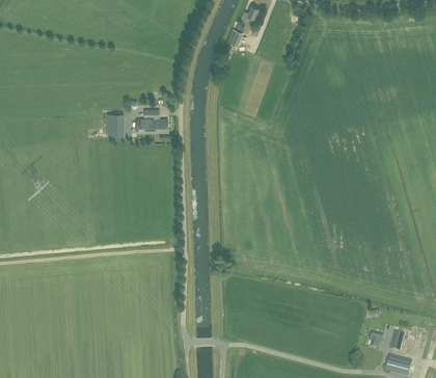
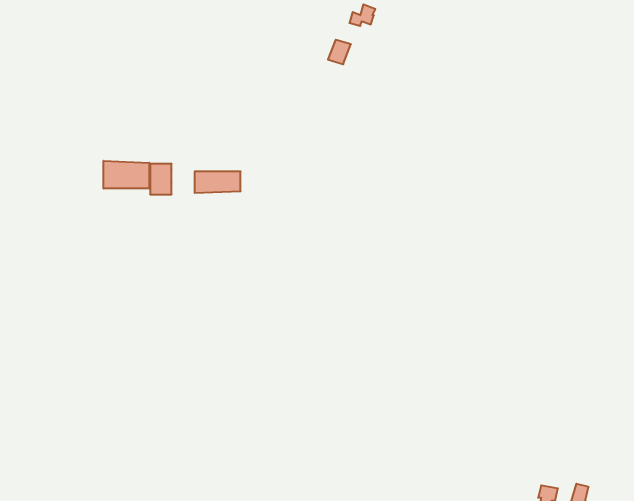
building: none -> [104,161,149,189]

